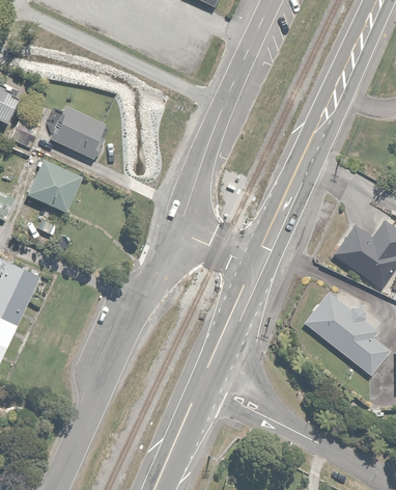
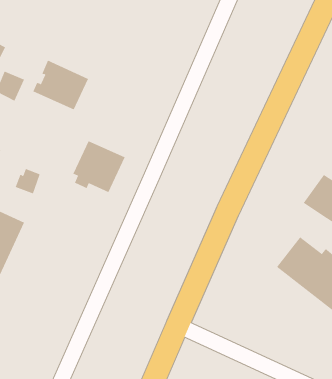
building: [26,160,82,215] -> [72,140,126,193]

